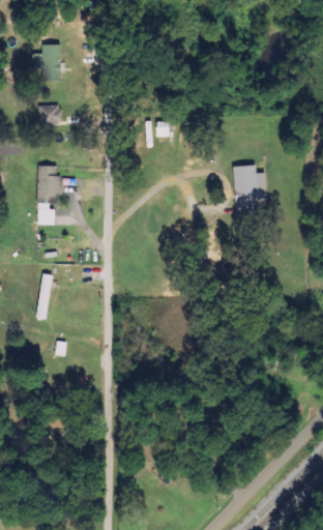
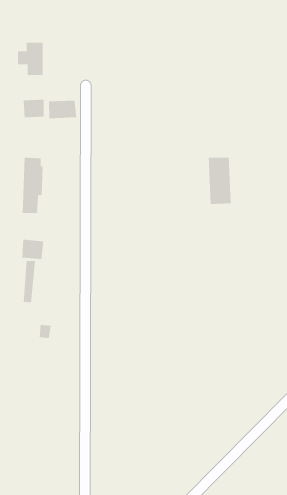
building: none -> [48,100,77,119]
building: none -> [22,239,44,260]

